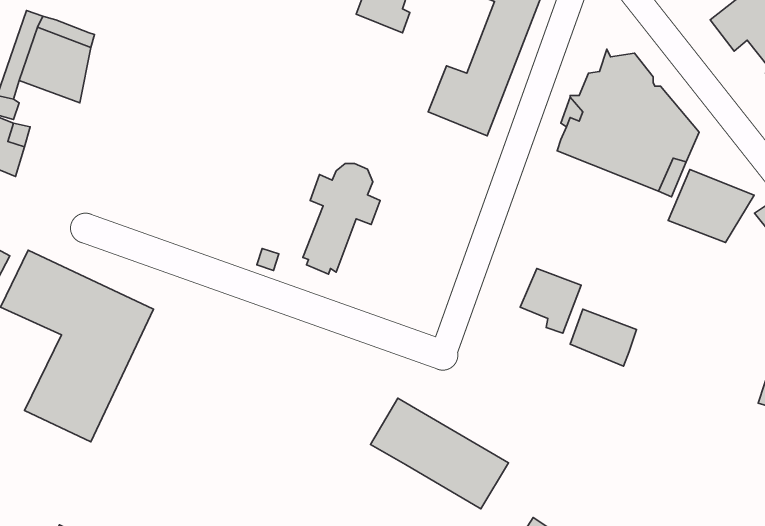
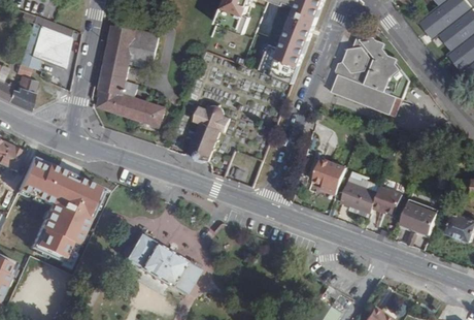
building: none -> [97,26,165,128]
building: [668,170,754,242] -> none
building: none -> [371,184,401,211]
building: none -> [398,201,436,234]
building: [370,398,509,509] -> [121,231,198,293]

